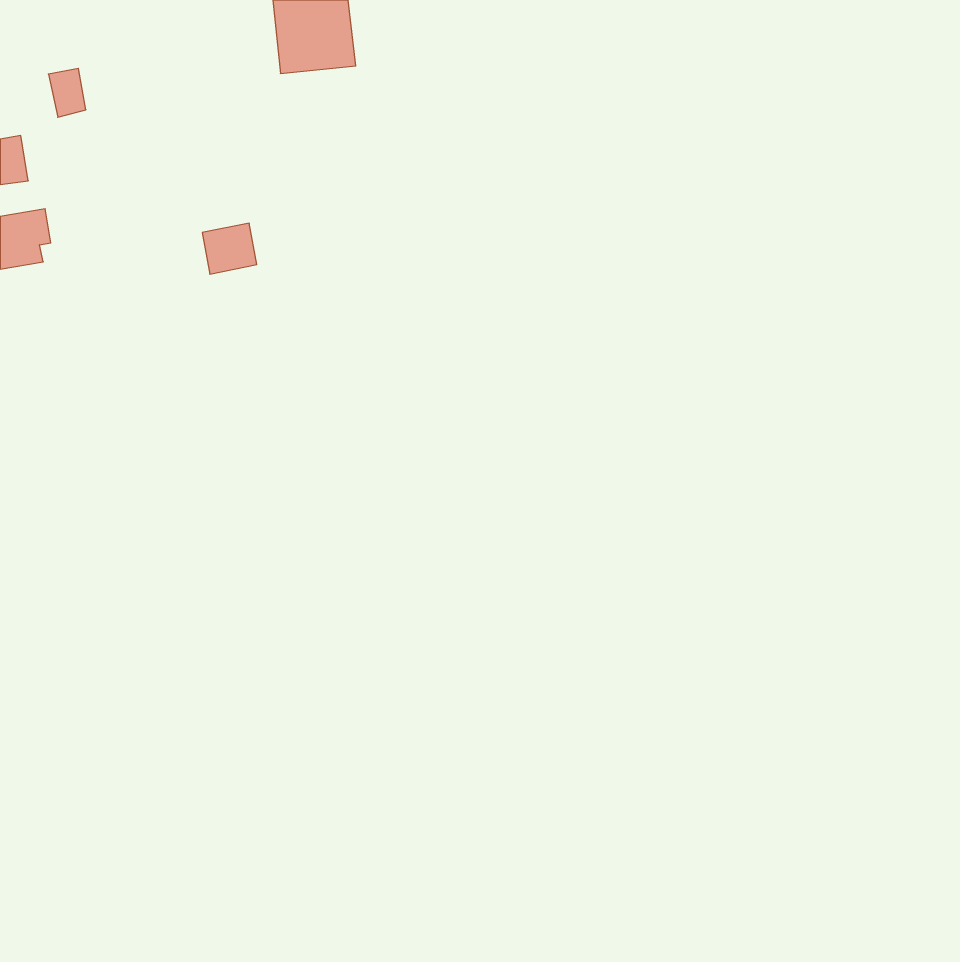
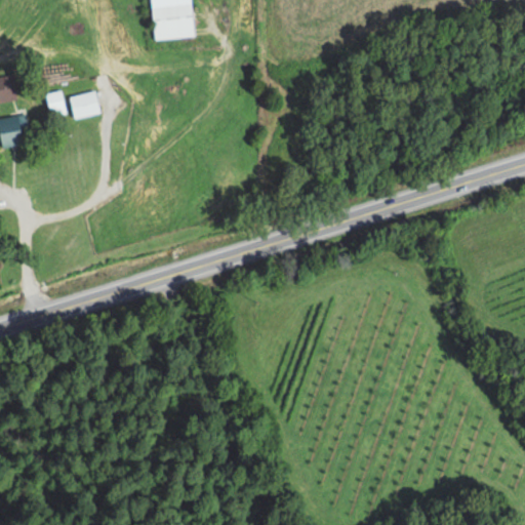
building: [48,68,86,117] -> [45,90,66,117]
building: [202,223,257,274] -> [70,91,99,119]

